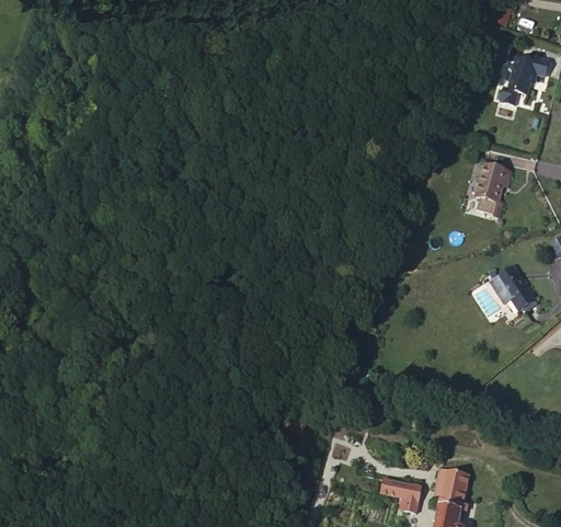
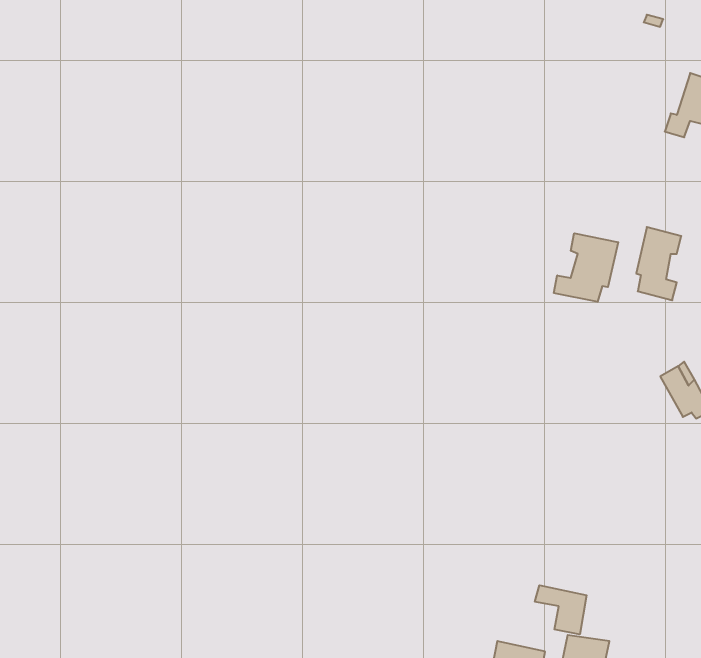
building: none -> [554,233,618,302]
building: none -> [535,585,587,634]

